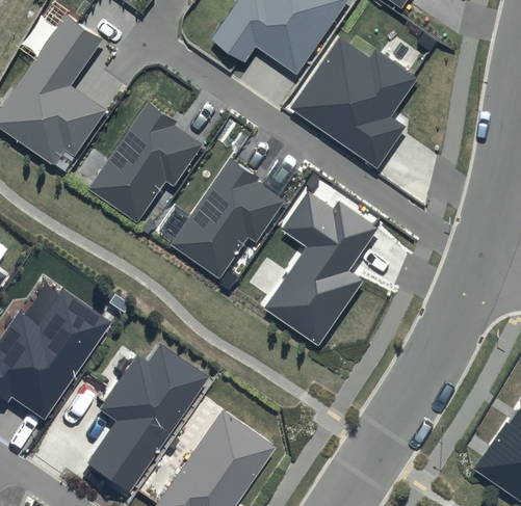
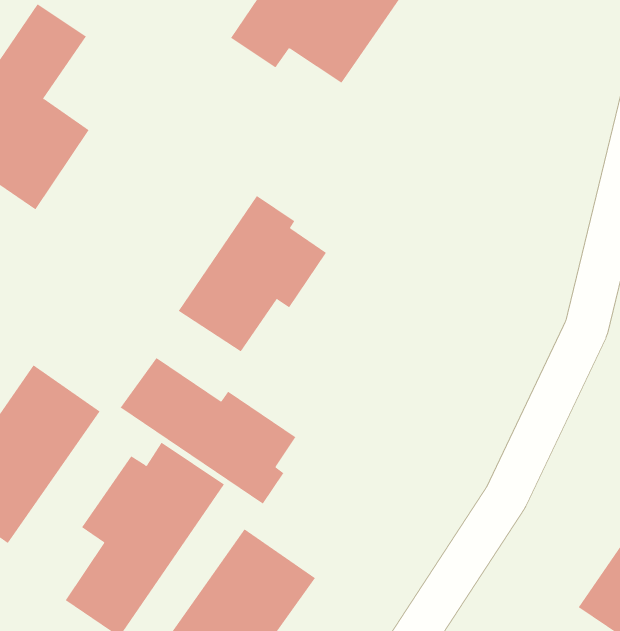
building: [288,36,418,167] -> none
building: [89,102,202,220] -> none
building: [263,191,379,345] -> none
building: none -> [120,357,296,505]

